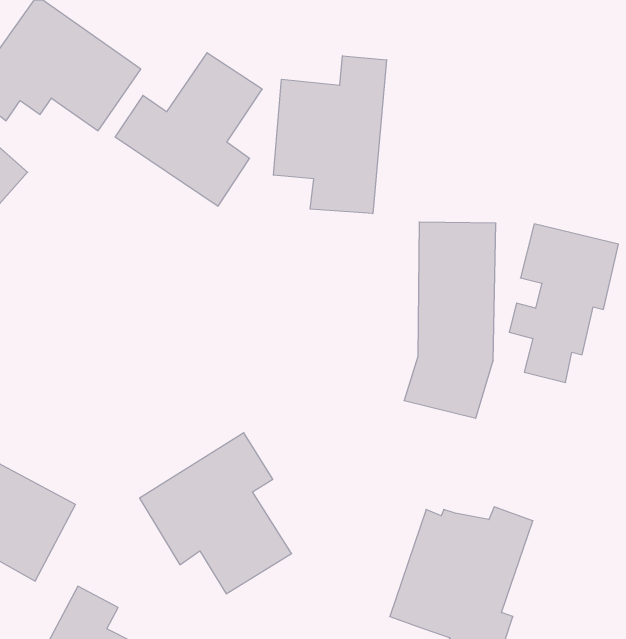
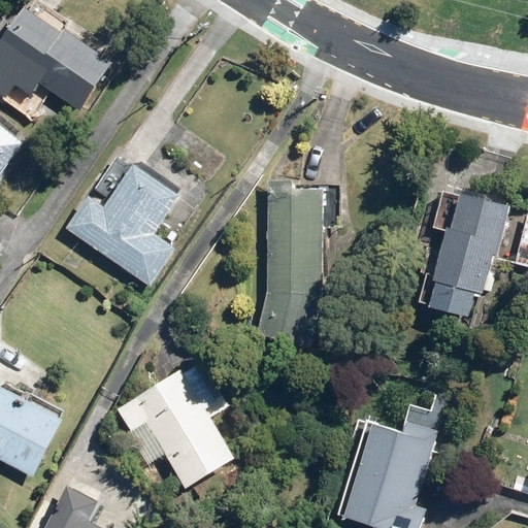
building: [115,53,262,206] -> [63,162,184,288]
building: [274,56,387,214] -> none
building: [404,222,496,418] -> [252,185,327,345]

